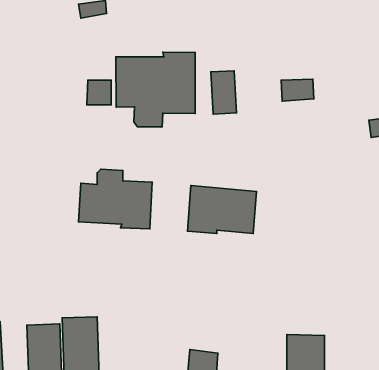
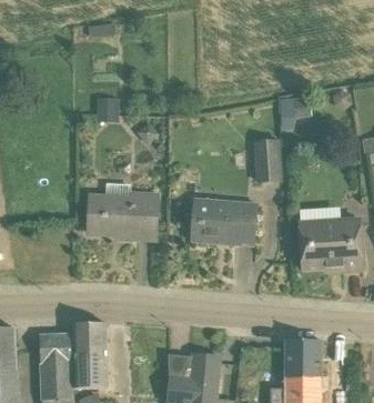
building: [116,52,195,127] -> none
building: [211,71,237,114] -> [254,140,279,181]
building: none -> [299,219,362,271]

